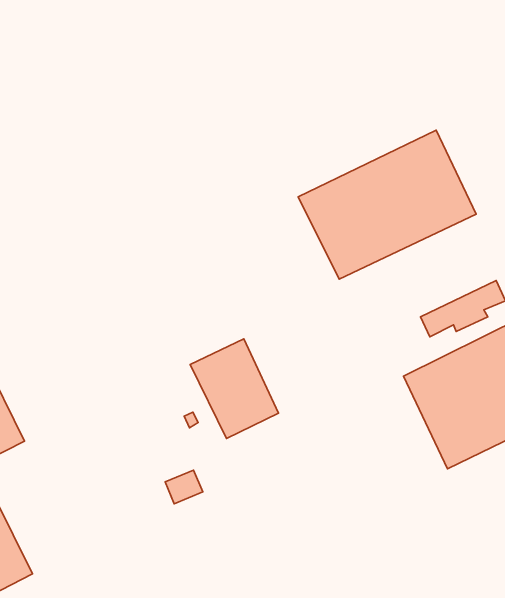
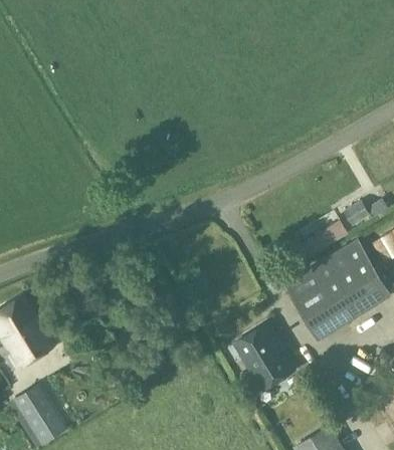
building: [298,130,476,279] -> none
building: [190,339,279,439] -> [234,325,292,389]

